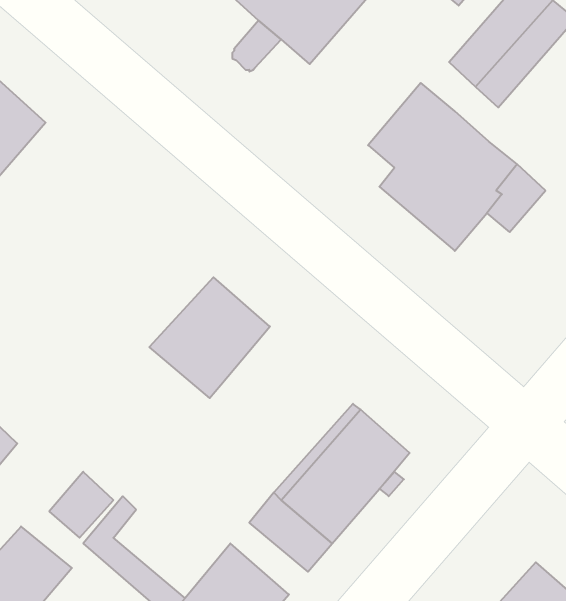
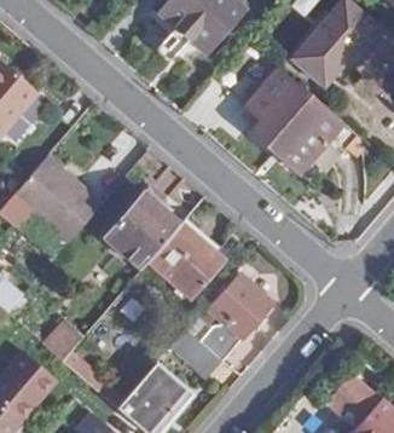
building: none -> [15,158,103,241]
building: none -> [150,223,224,296]

